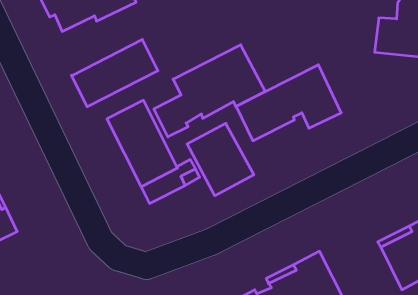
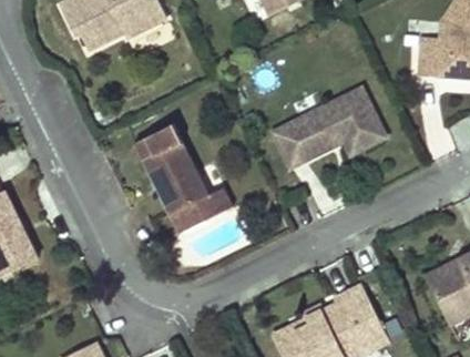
building: [71,39,158,107] -> none
building: [154,45,265,137] -> none
building: [187,123,254,196] -> none

